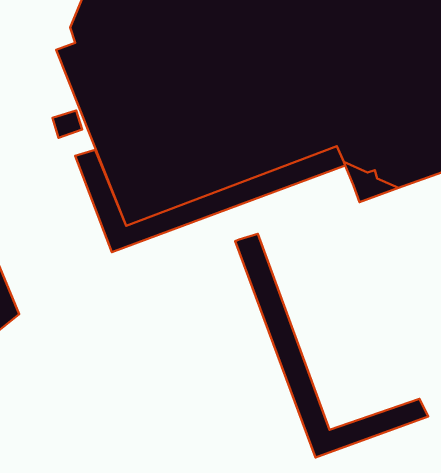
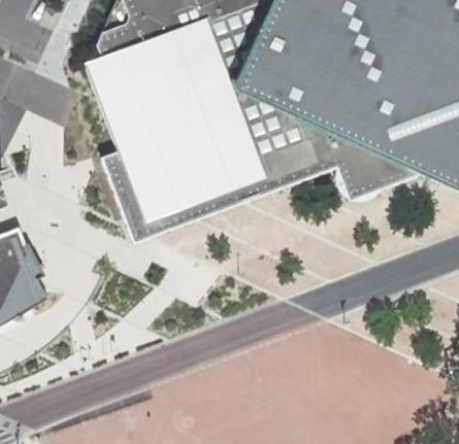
building: [235,234,428,457] -> none

